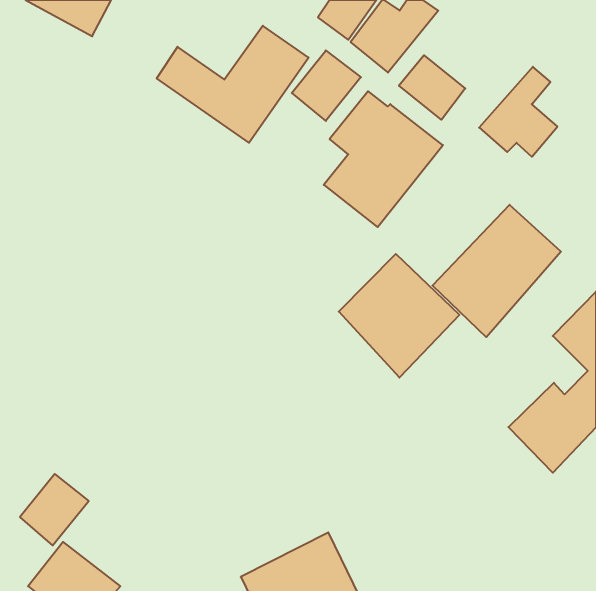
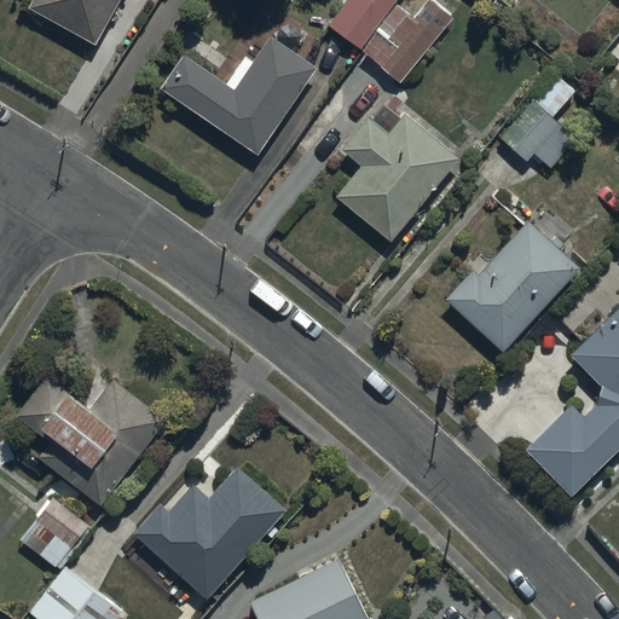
building: [292,50,361,121] -> none
building: [399,55,465,120] -> none
building: [339,254,459,378] -> none
building: none -> [16,375,167,505]
building: none -> [133,465,287,598]

